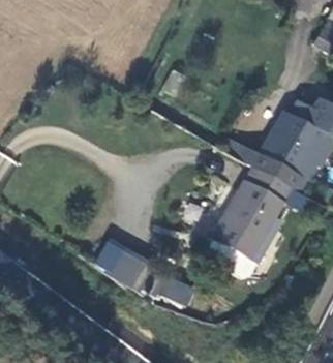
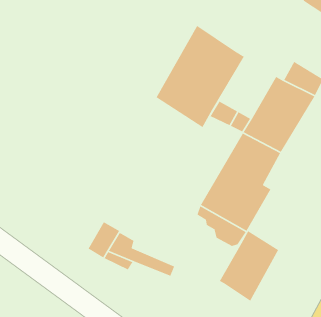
building: none -> [156,25,245,128]
building: none -> [219,230,279,302]

